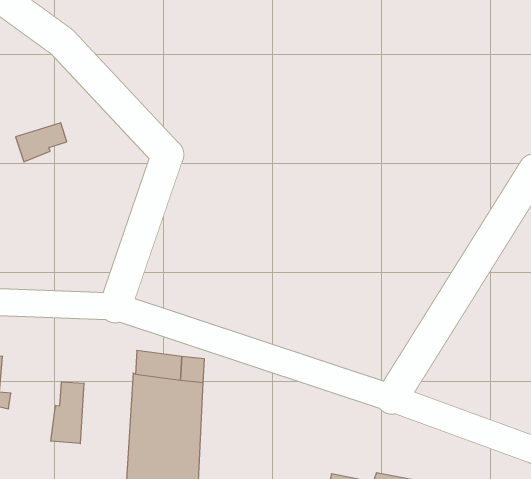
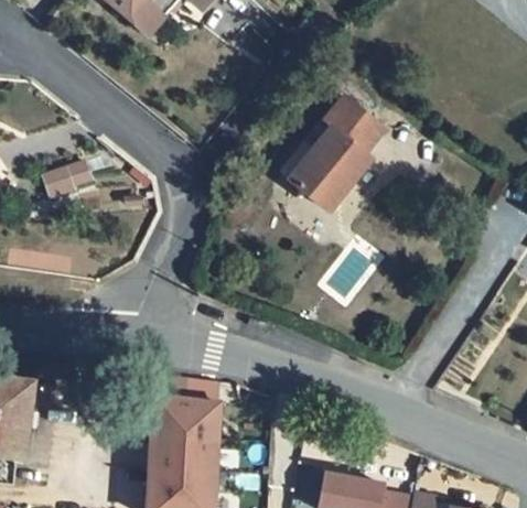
building: none -> [290,97,385,209]
building: [51,382,84,444] -> none

